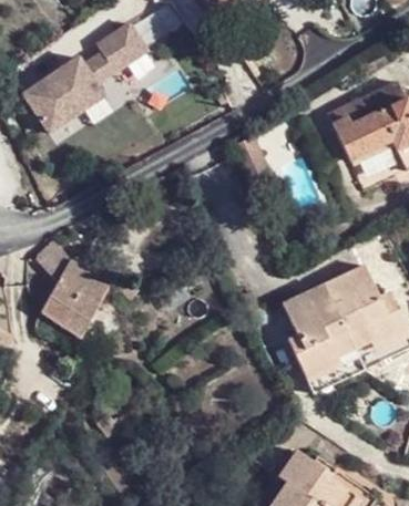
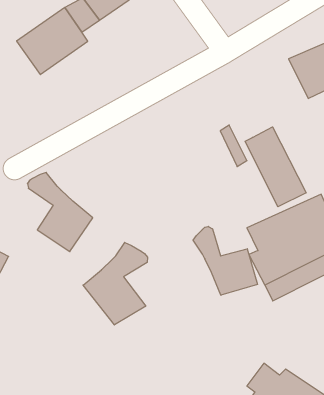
building: none -> [245,127,306,207]
building: none -> [193,226,258,295]
building: none -> [83,242,147,325]

